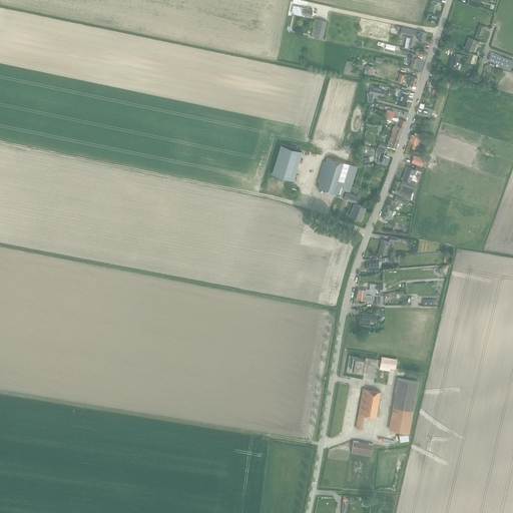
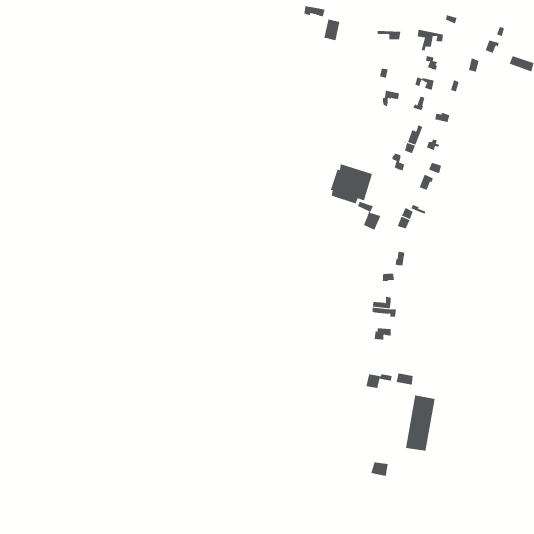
building: [271,145,301,181] -> none
building: [355,389,380,430] -> none

